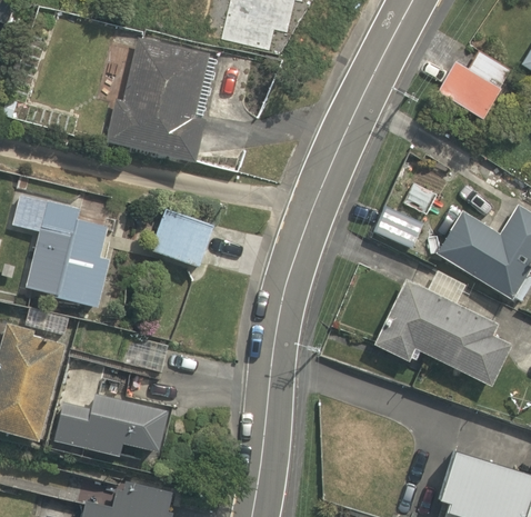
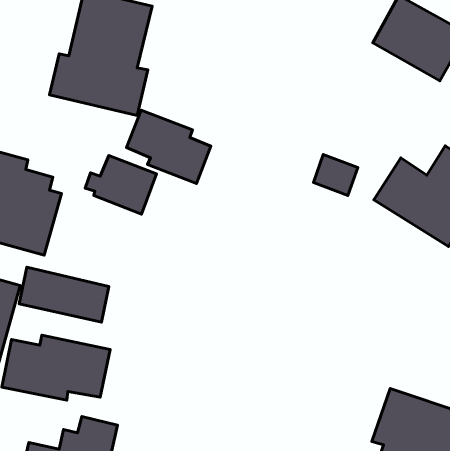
building: none -> [127,110,211,184]
building: [375,260,509,388] -> none

